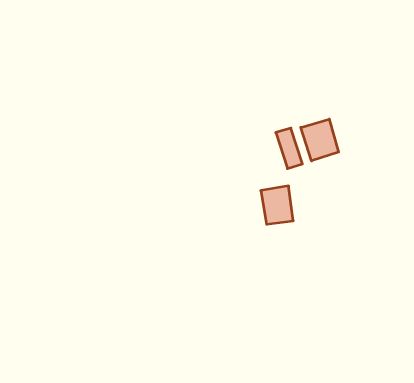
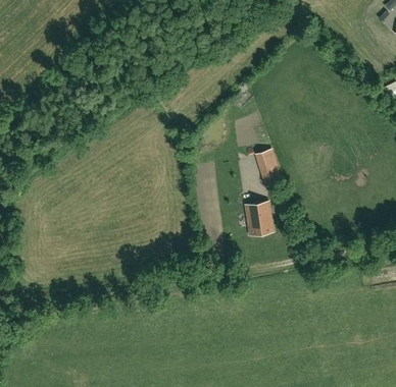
building: [301,119,339,161] -> none

